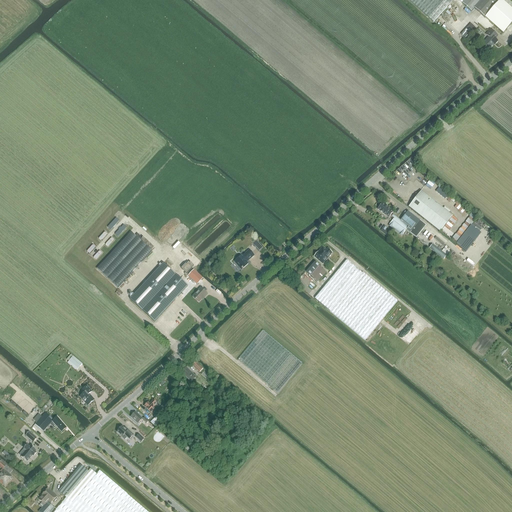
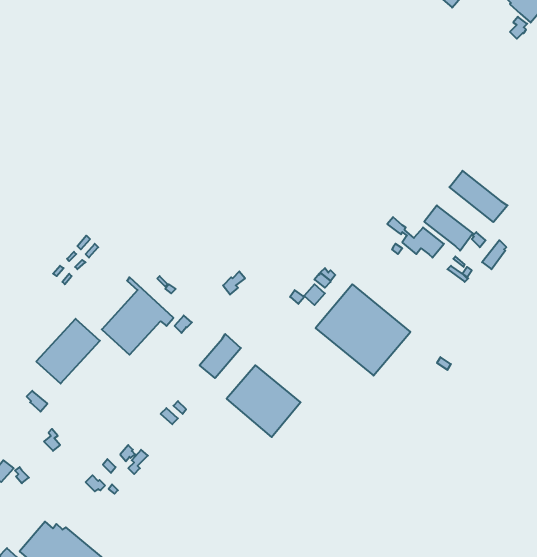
building: none -> [449,171,508,222]
building: [97,230,152,286] -> [36,319,100,384]
building: none -> [200,334,241,378]

